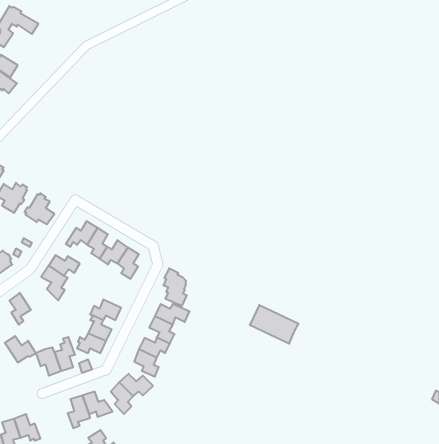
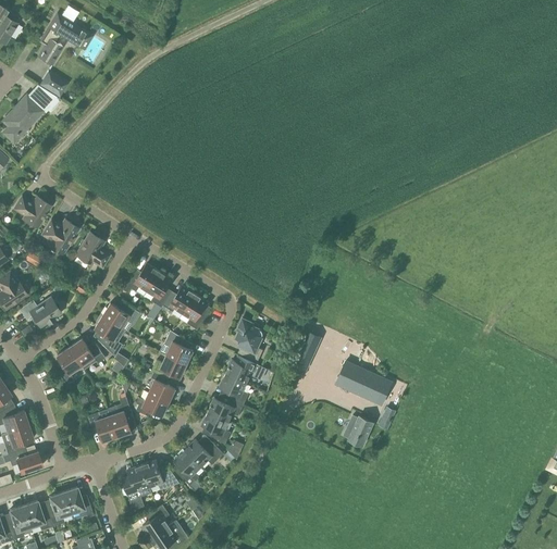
building: none -> [163,329,194,363]
building: [5,336,36,362] -> [70,338,106,369]
building: none -> [344,414,374,445]

